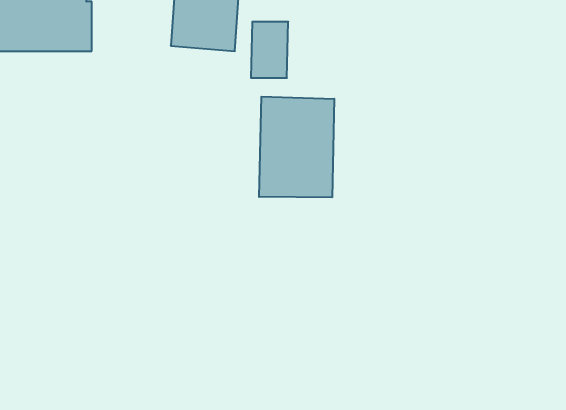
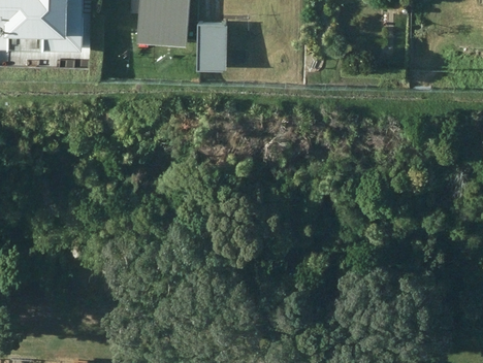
building: [259,97,334,197] -> none

